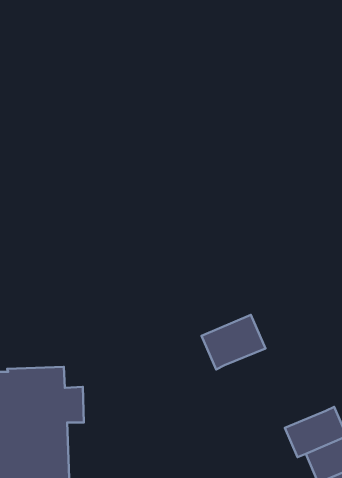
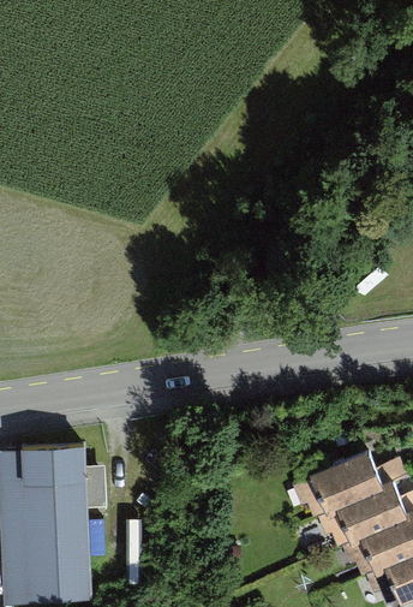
building: [201,315,266,369] -> [310,453,383,516]

